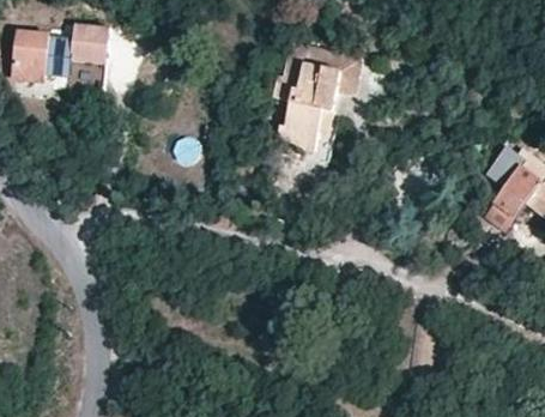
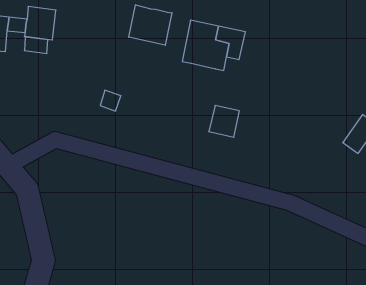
building: none -> [129,5,172,45]
building: [283,98,323,140] -> [209,105,239,137]

